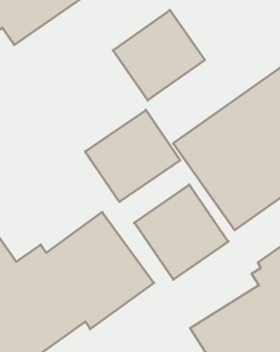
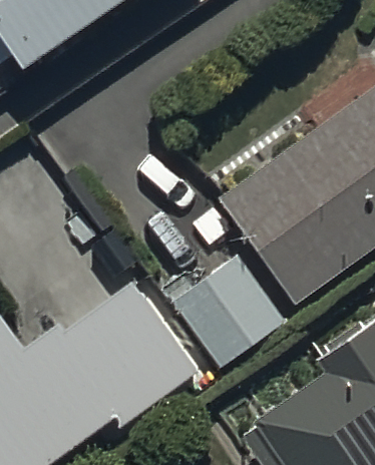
building: [113,10,205,100] -> none
building: [85,110,180,202] -> none

